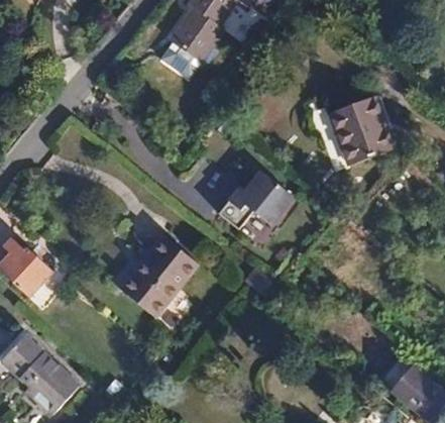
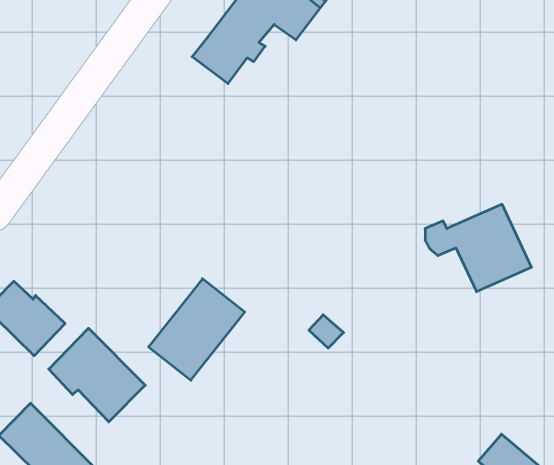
building: [311,93,395,162] -> [425,204,532,292]
building: [220,170,295,228] -> none
building: none -> [49,328,145,422]

